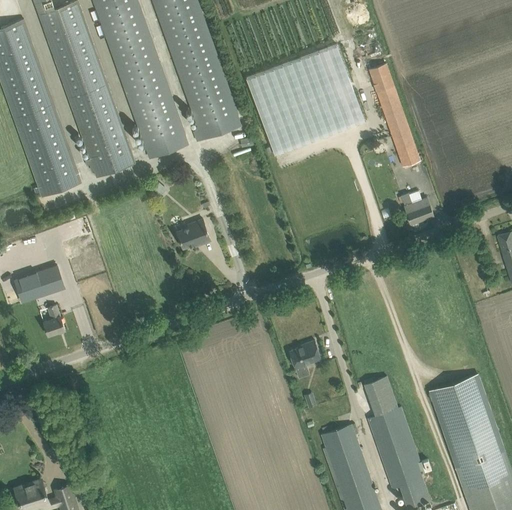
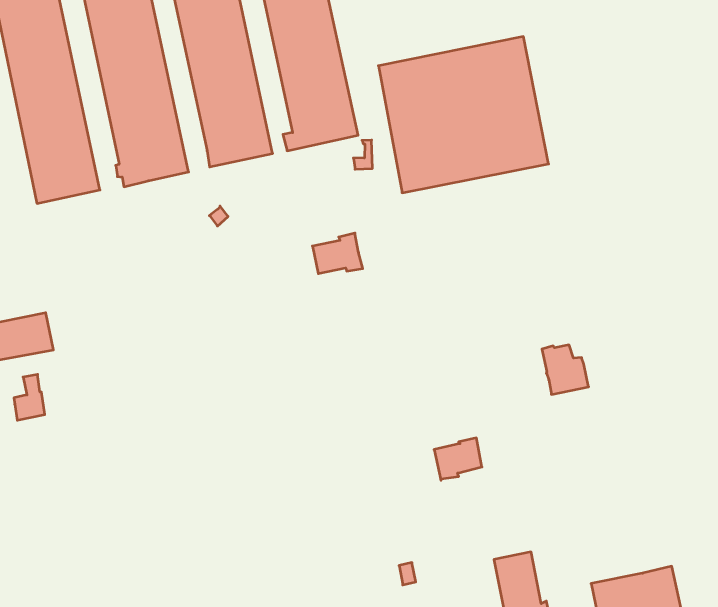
building: [368,64,419,166] -> none
building: [400,191,433,224] -> [542,345,589,394]
building: [176,219,210,248] -> [312,233,363,274]
building: [288,340,320,370] -> [434,438,482,480]

